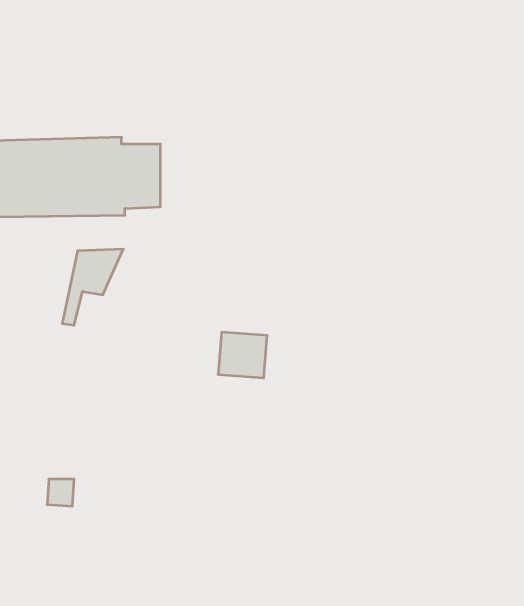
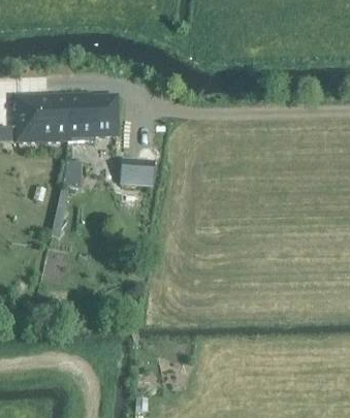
building: [218,332,267,378] -> [120,161,150,189]

